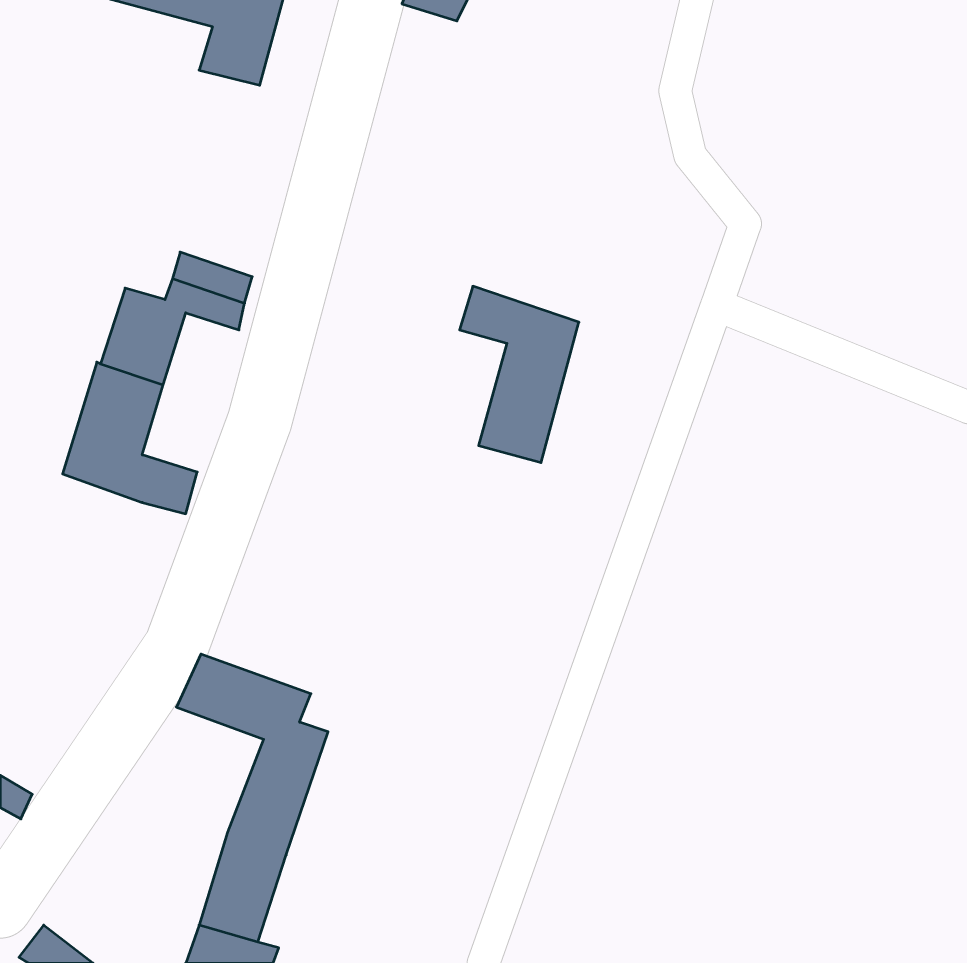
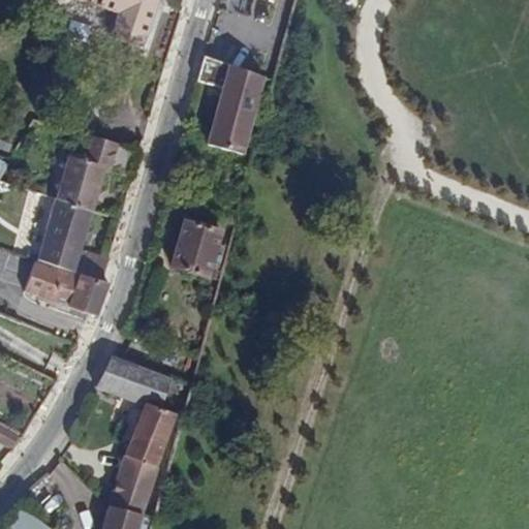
building: [460,286,579,463] -> [197,57,262,153]
building: none -> [170,220,220,276]
building: none -> [25,261,110,316]

